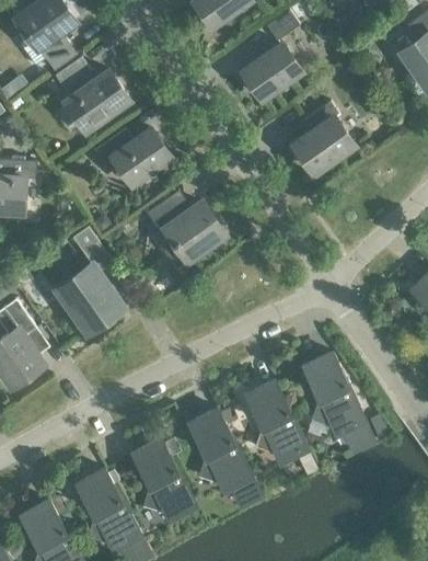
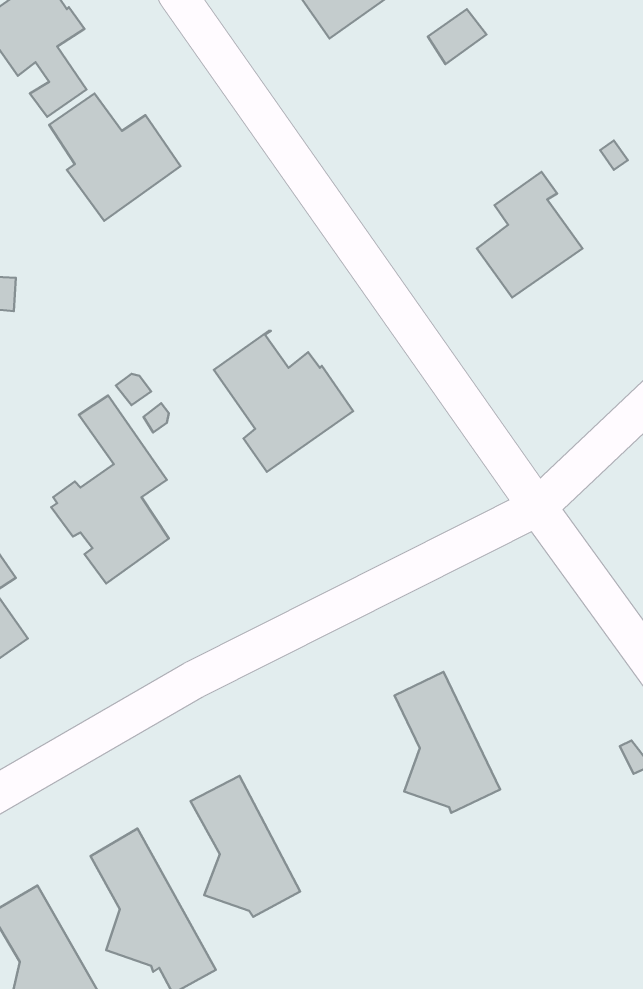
building: [242,44,300,99] -> none
building: [93,128,169,183] -> none
building: [304,353,370,446] -> none
building: [190,410,258,502] -> none

